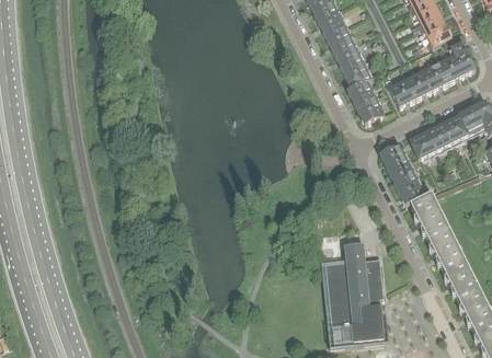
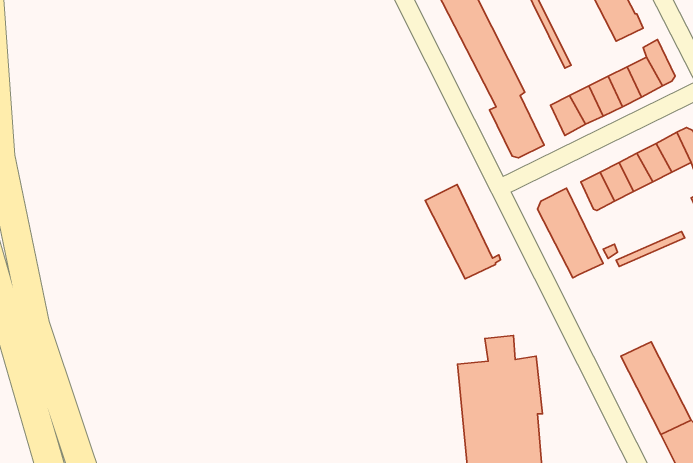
building: [409,194,460,258] -> [425,185,500,279]

